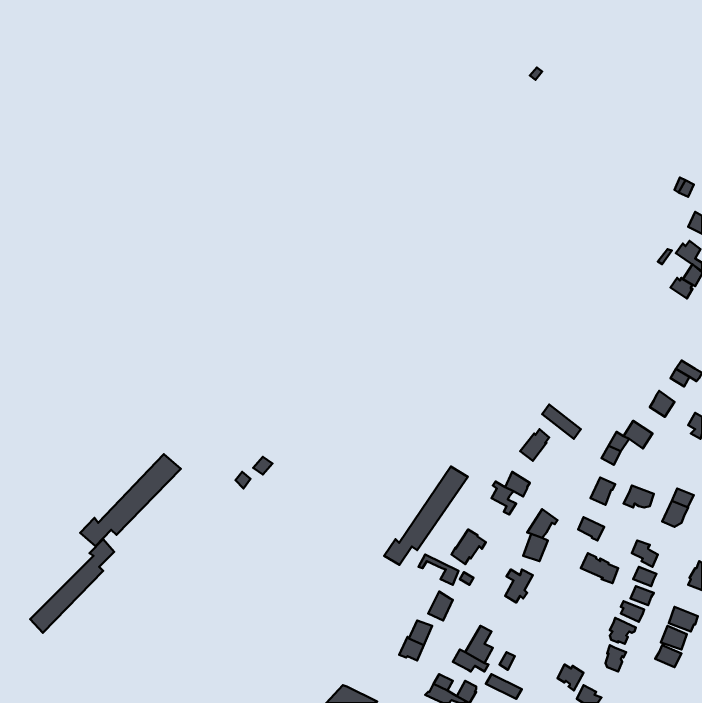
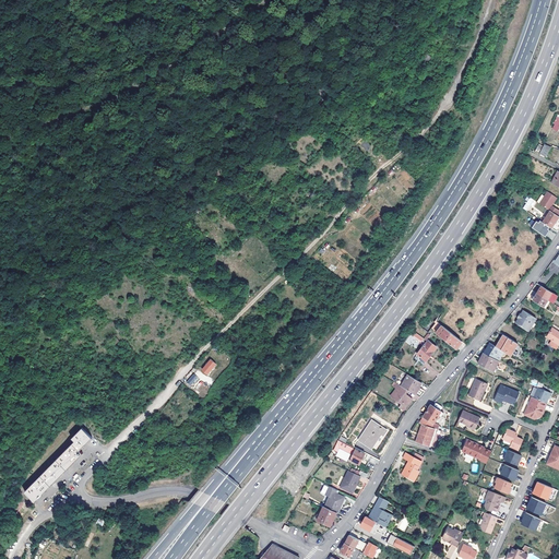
building: [80,454,181,546] -> none
building: [384,467,468,565] -> none

